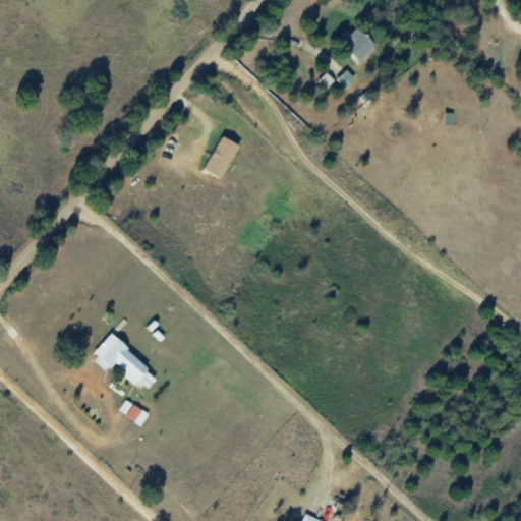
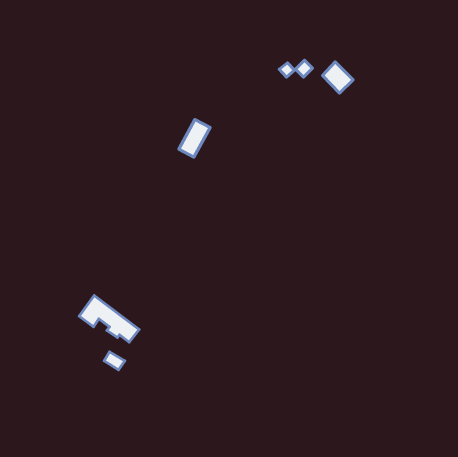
building: [342,25,377,61] -> [323,62,353,93]

